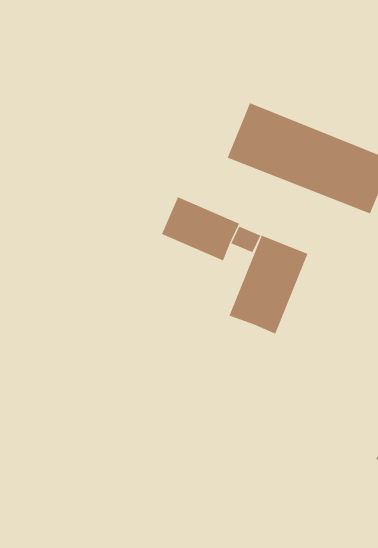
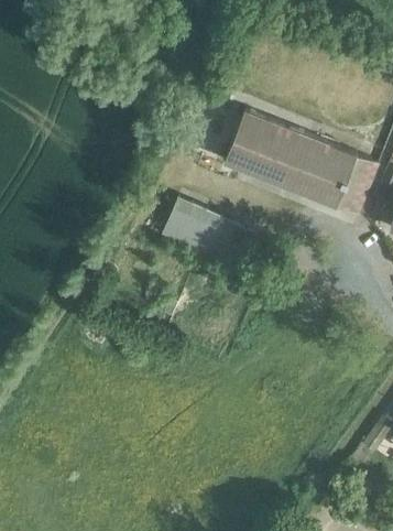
building: [229,235,308,335] -> none

